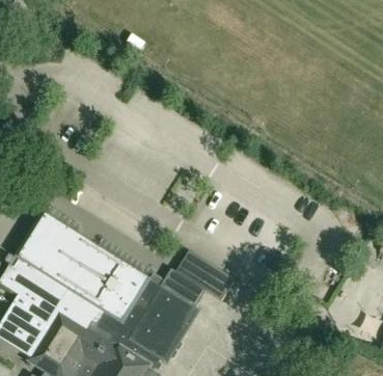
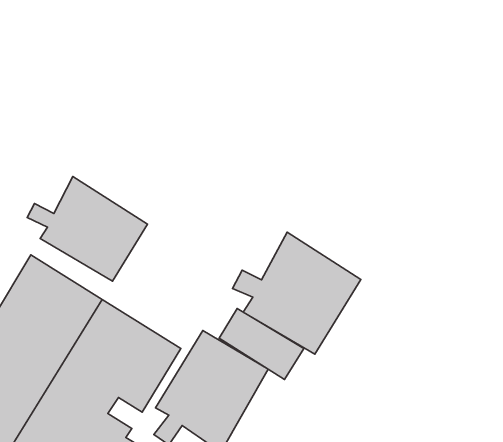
building: none -> [27,177,148,281]
building: none -> [232,232,361,354]

